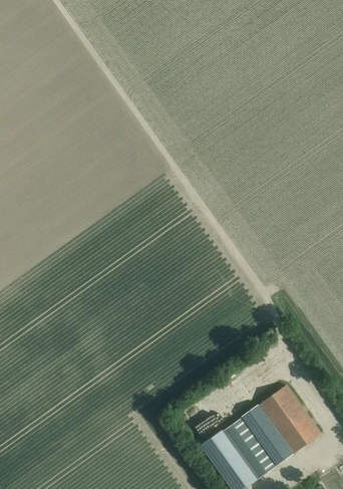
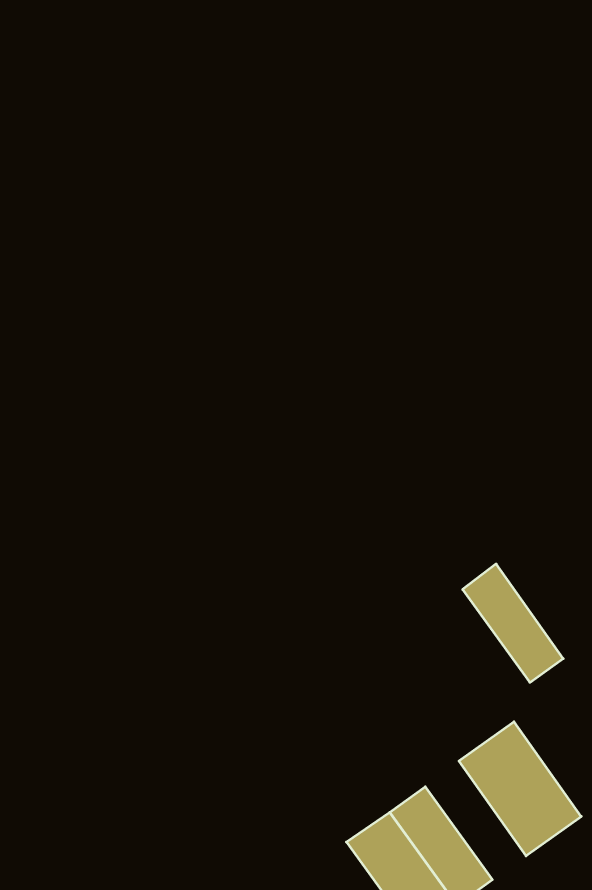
building: [241,405,292,465] -> [463,564,563,682]

